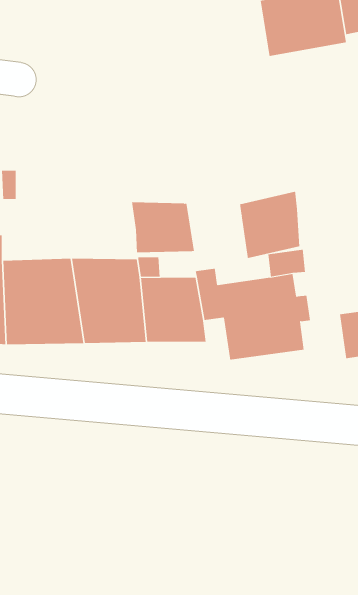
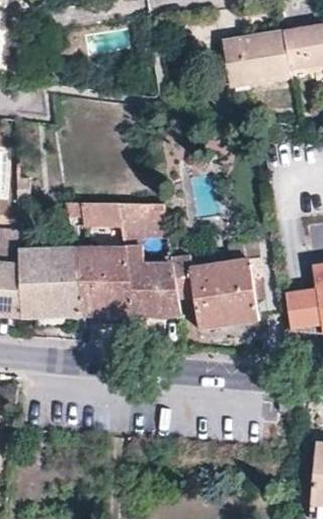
building: [240,191,300,259] -> none
building: none -> [66,202,124,225]

